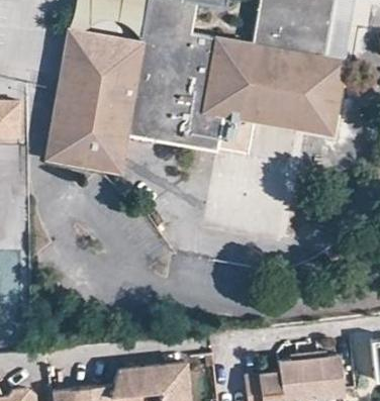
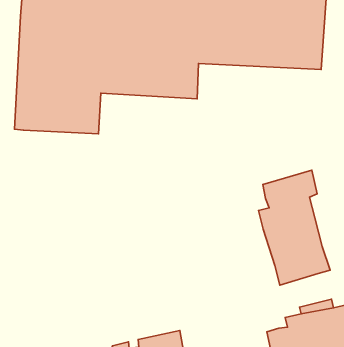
building: none -> [259,170,330,285]

